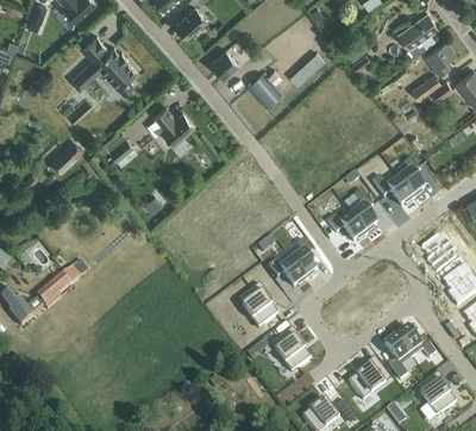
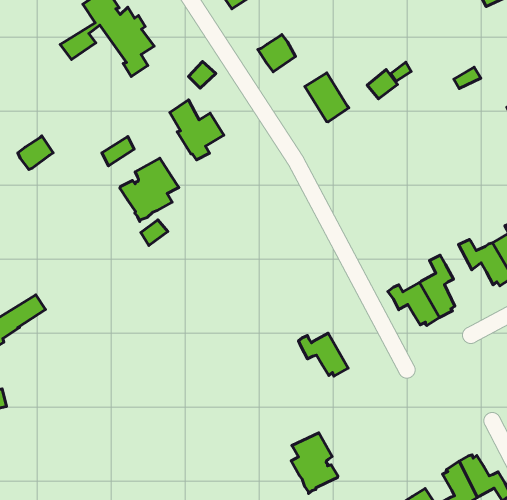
building: none -> [120,158,179,222]
building: [288,241,315,281] -> none
building: [240,286,276,330] -> none

